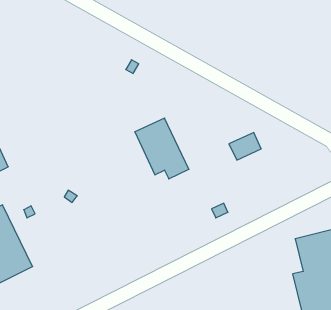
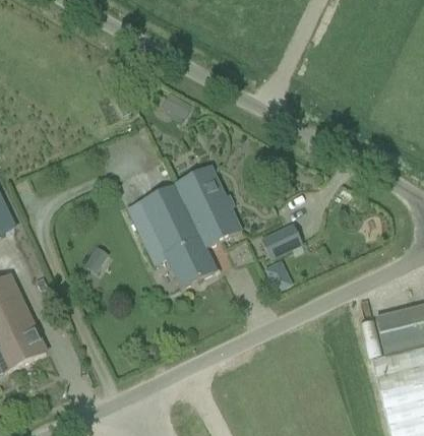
building: none -> [126,182,217,286]
building: [229,133,261,160] -> [260,223,301,257]

